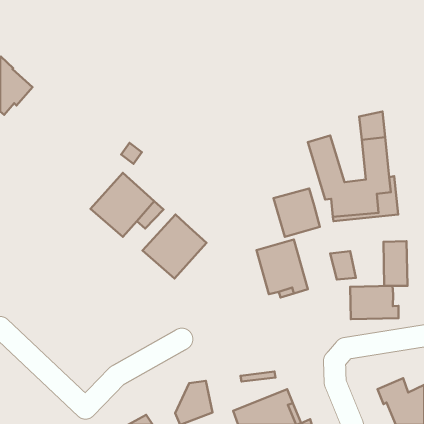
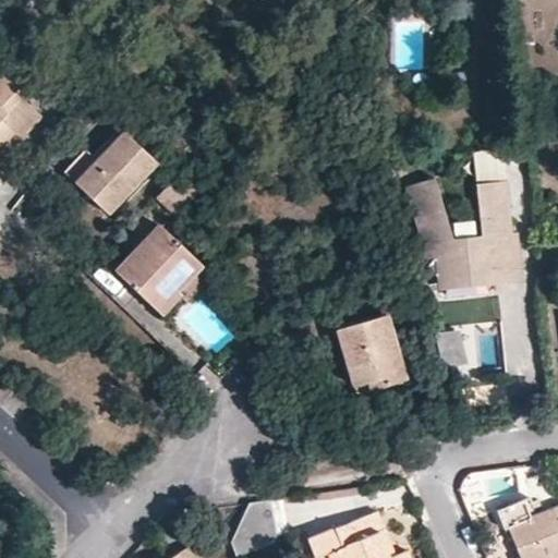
building: none -> [66,133,158,216]
building: [274,189,320,237] -> none
building: [143,215,206,279] -> none
building: [350,286,399,319] -> none

